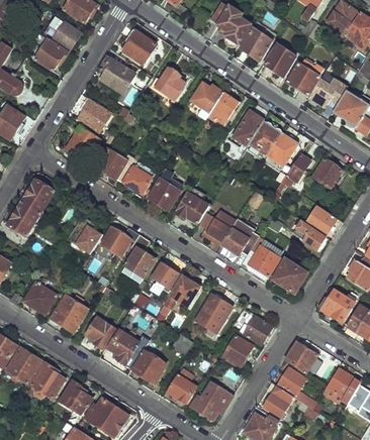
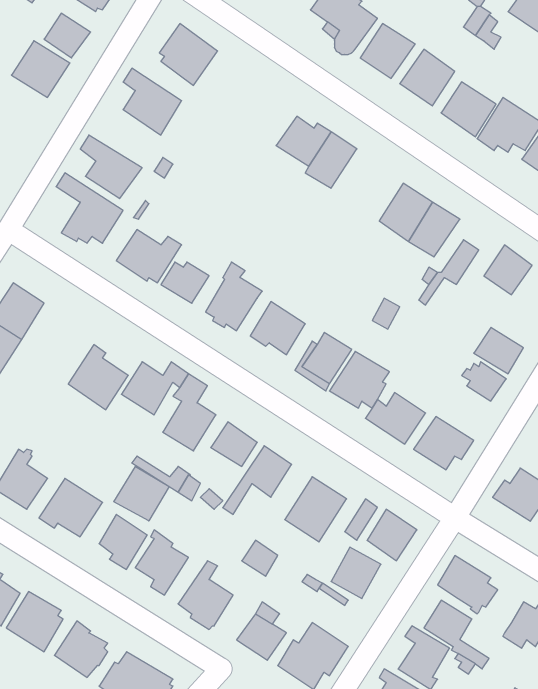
building: [152,69,187,100] -> none
building: [233,110,264,146] -> none
building: none -> [114,466,169,521]

